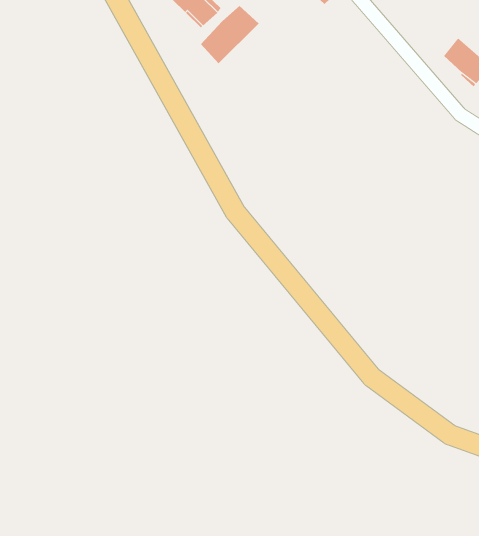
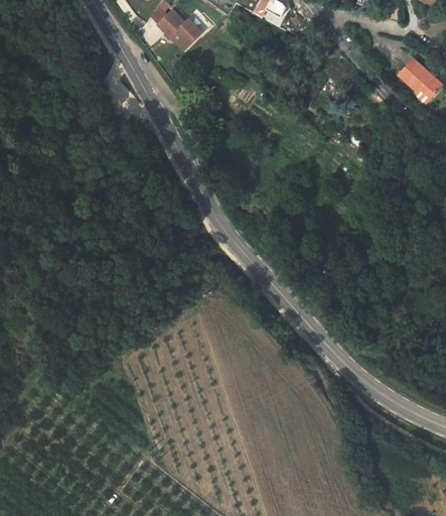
building: [200,5,259,64] -> none

